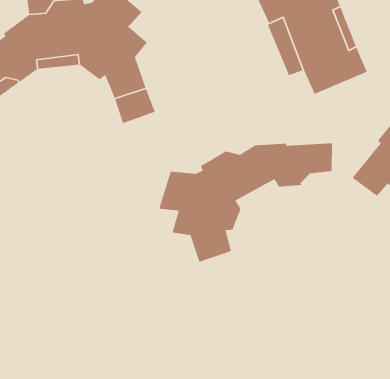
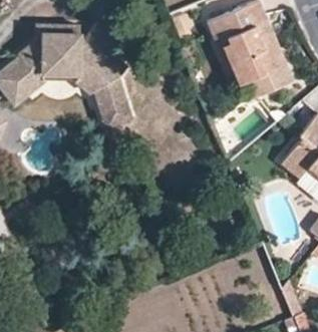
building: [158,142,333,263] -> none

